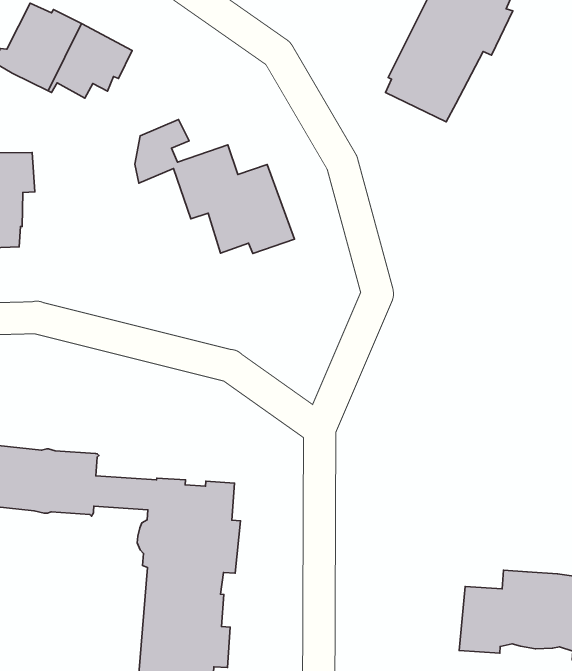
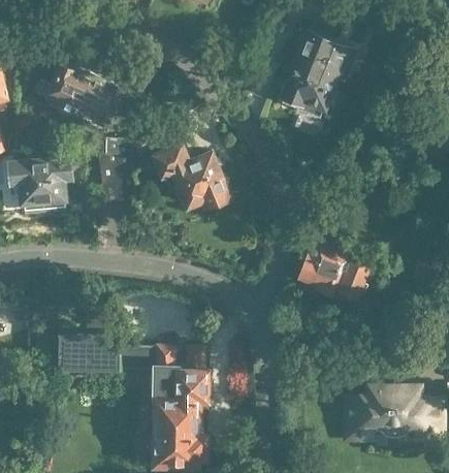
building: none -> [96,138,133,180]
building: none -> [299,242,372,298]

